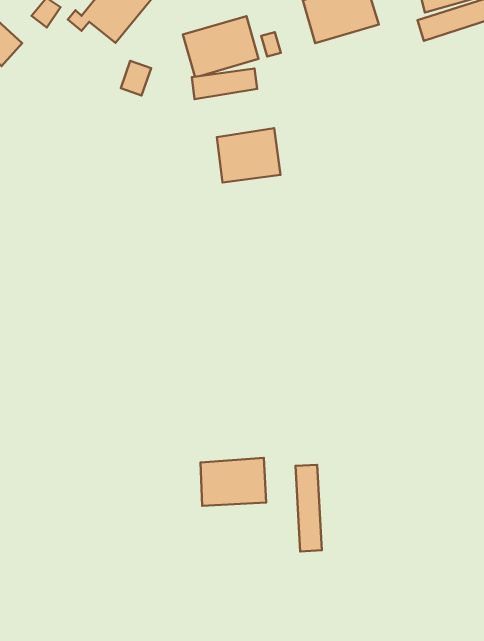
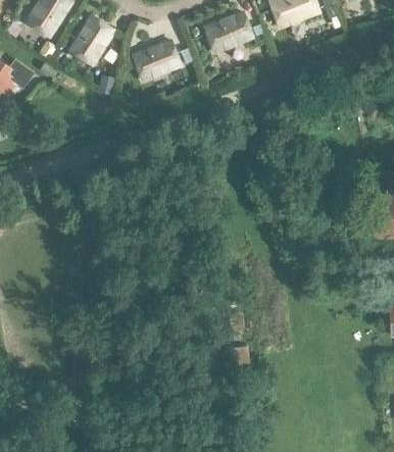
building: [217,128,281,183] -> none
building: [200,458,266,506] -> none

